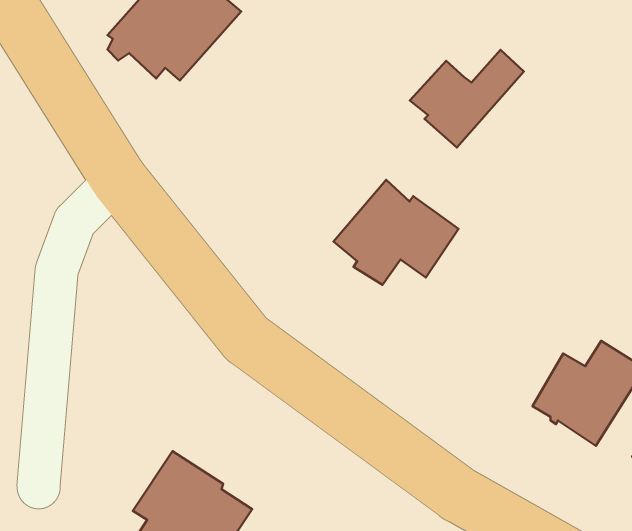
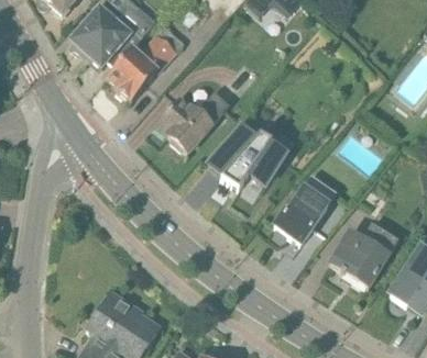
building: none -> [107,34,177,100]
building: [410,50,524,148] -> [160,90,229,149]
building: none -> [275,186,320,243]

